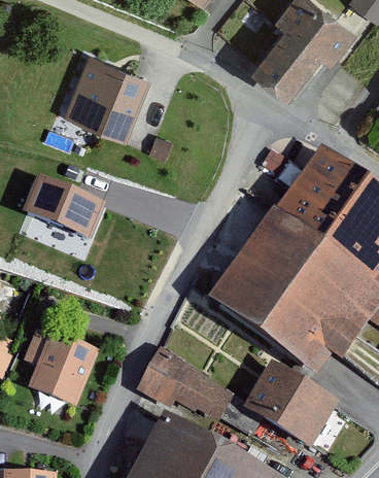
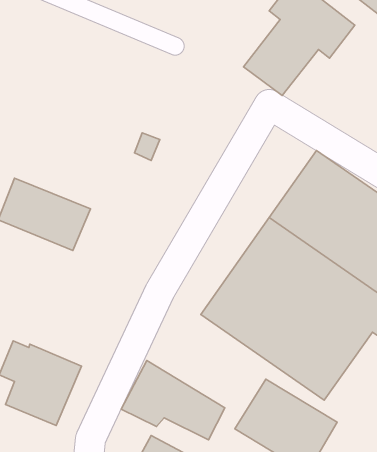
building: [61,50,149,138] -> none

